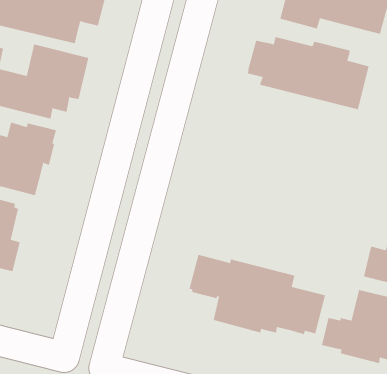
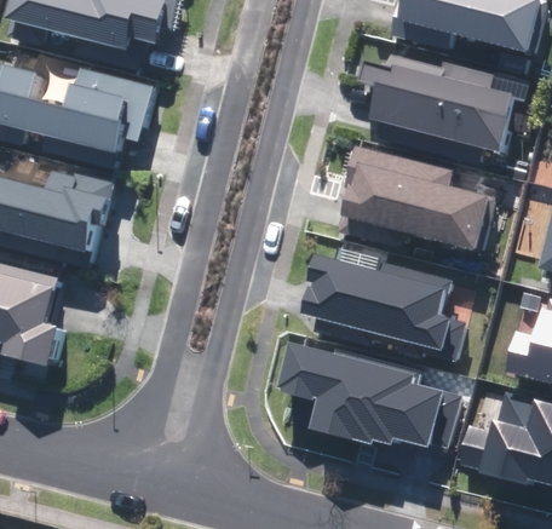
building: none -> [343,144,494,252]
building: none -> [304,248,465,356]

